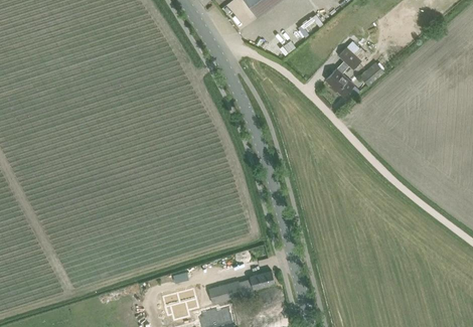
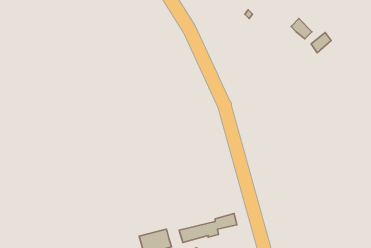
building: [327,60,354,96] -> none

